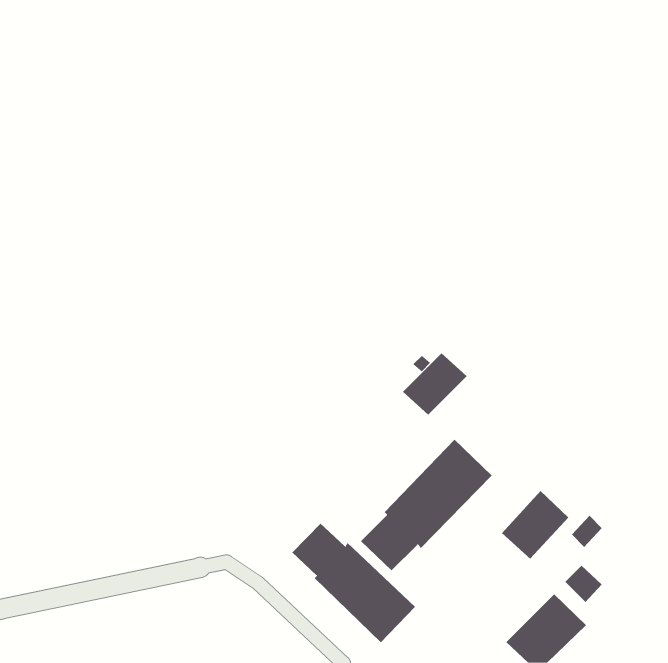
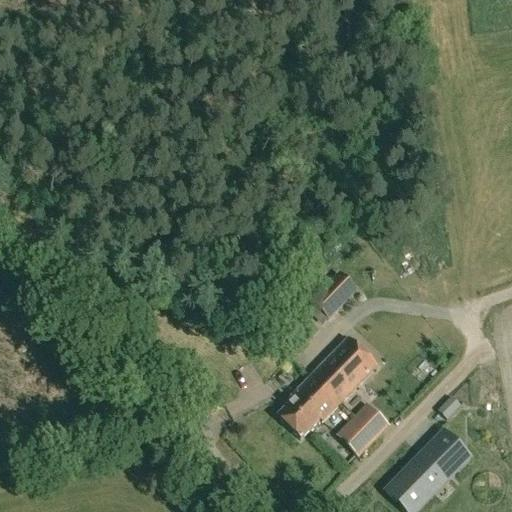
building: [501,490,569,559] -> [337,401,389,454]
building: [292,523,416,643] -> none

